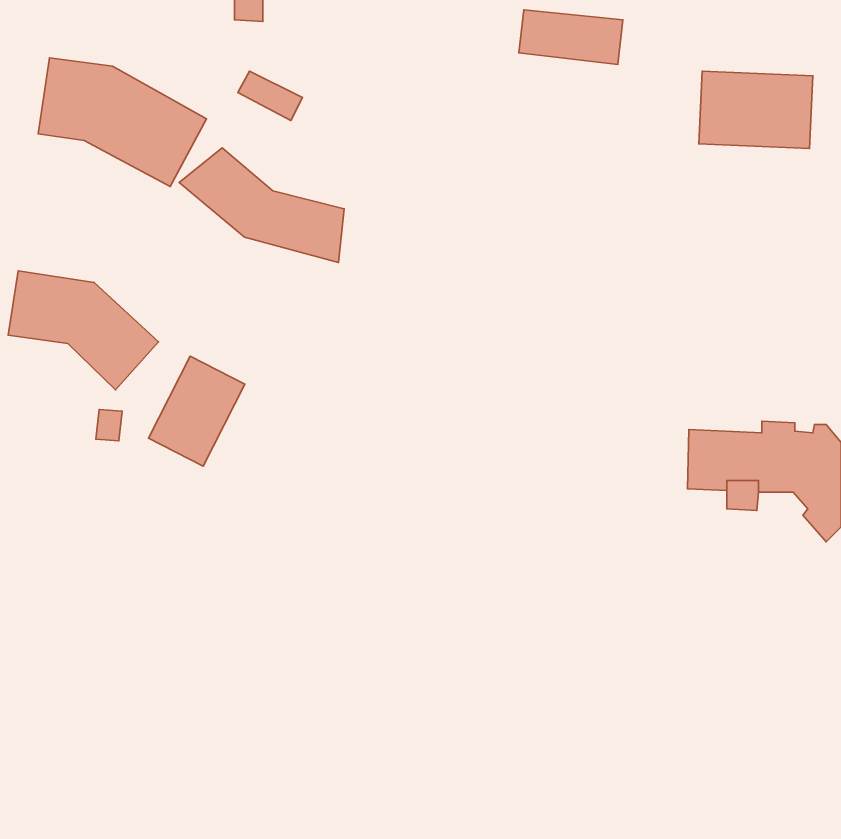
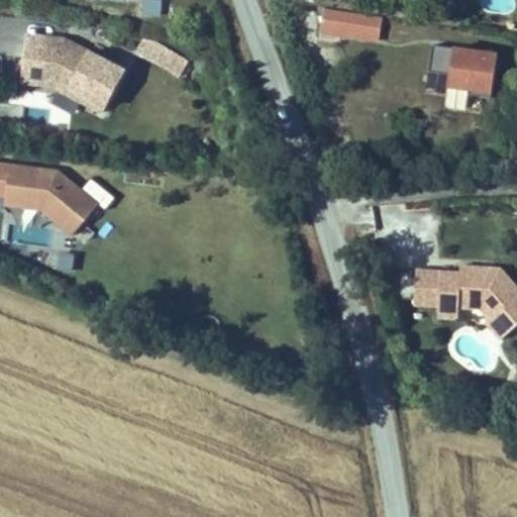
building: [179,148,344,262] -> none
building: [148,356,245,466] -> none

